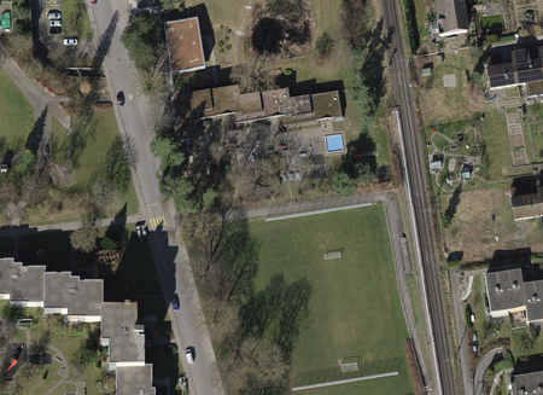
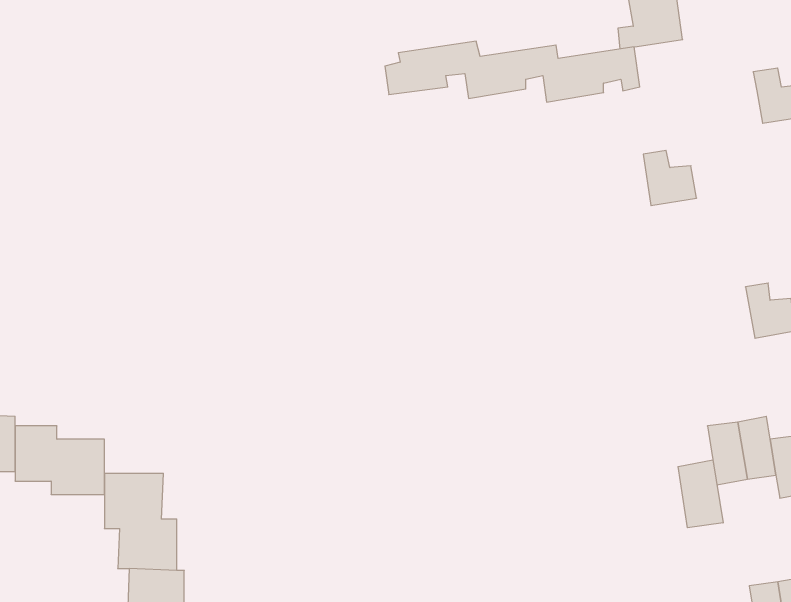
building: [171,17,205,70] -> none
building: [485,52,519,87] -> [643,150,697,206]
building: [181,85,343,123] -> [385,41,640,102]
building: none -> [678,460,723,528]

